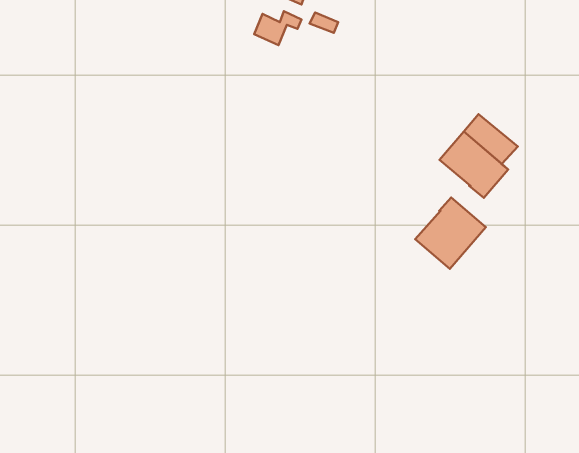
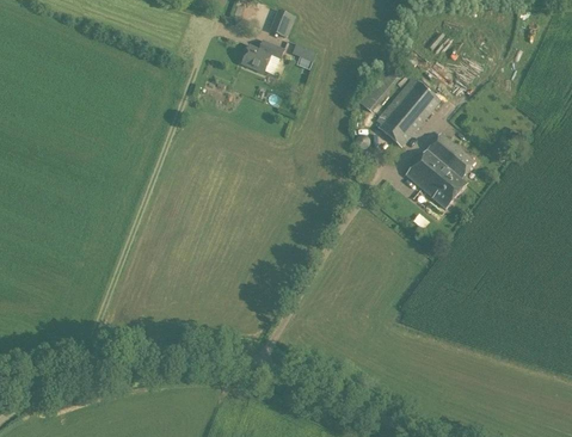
building: none -> [375,79,438,146]
building: [415,197,486,269] -> none

